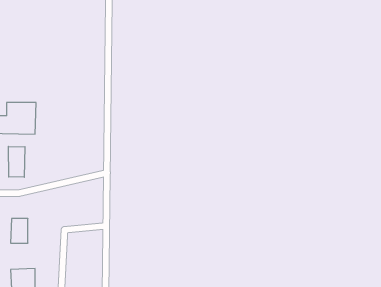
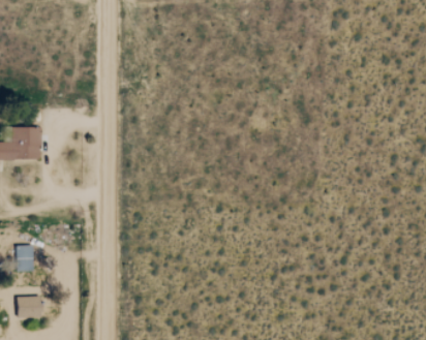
building: [8,146,25,177] -> none

